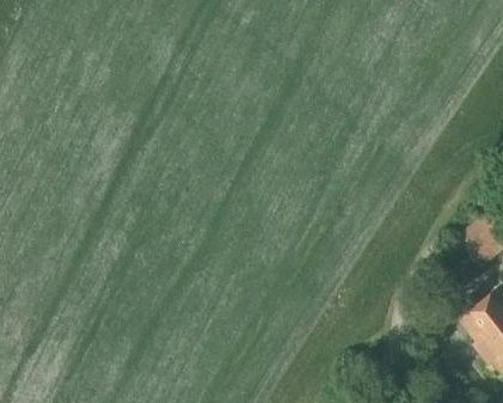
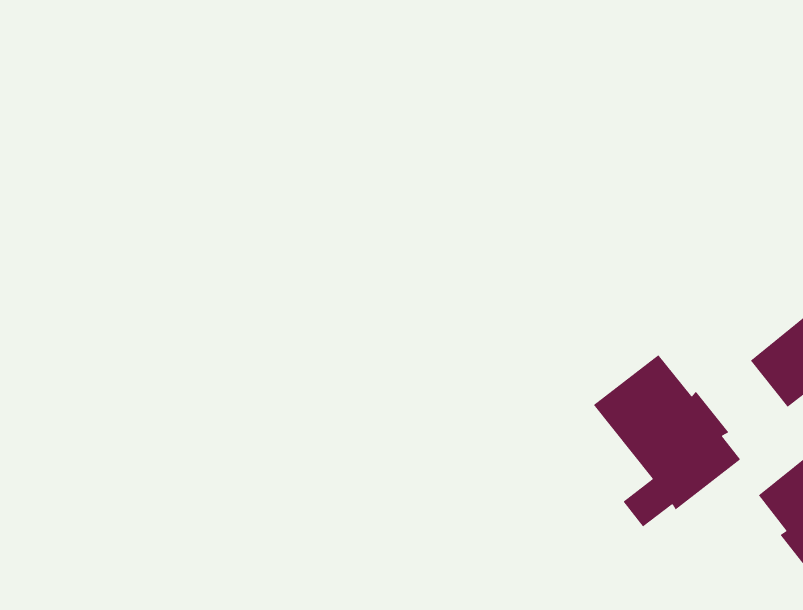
building: none -> [593,354,741,528]

